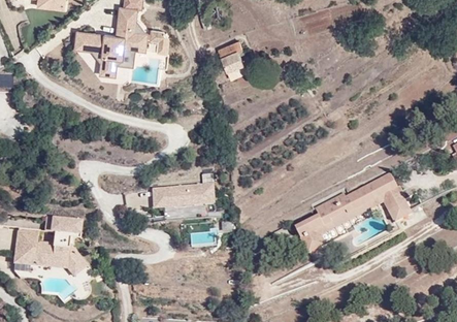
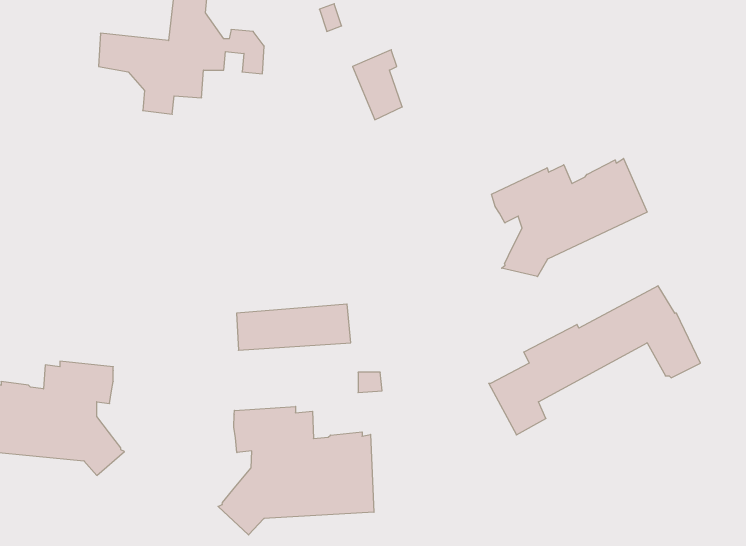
building: none -> [491,158,647,277]
building: none -> [218,406,374,535]

